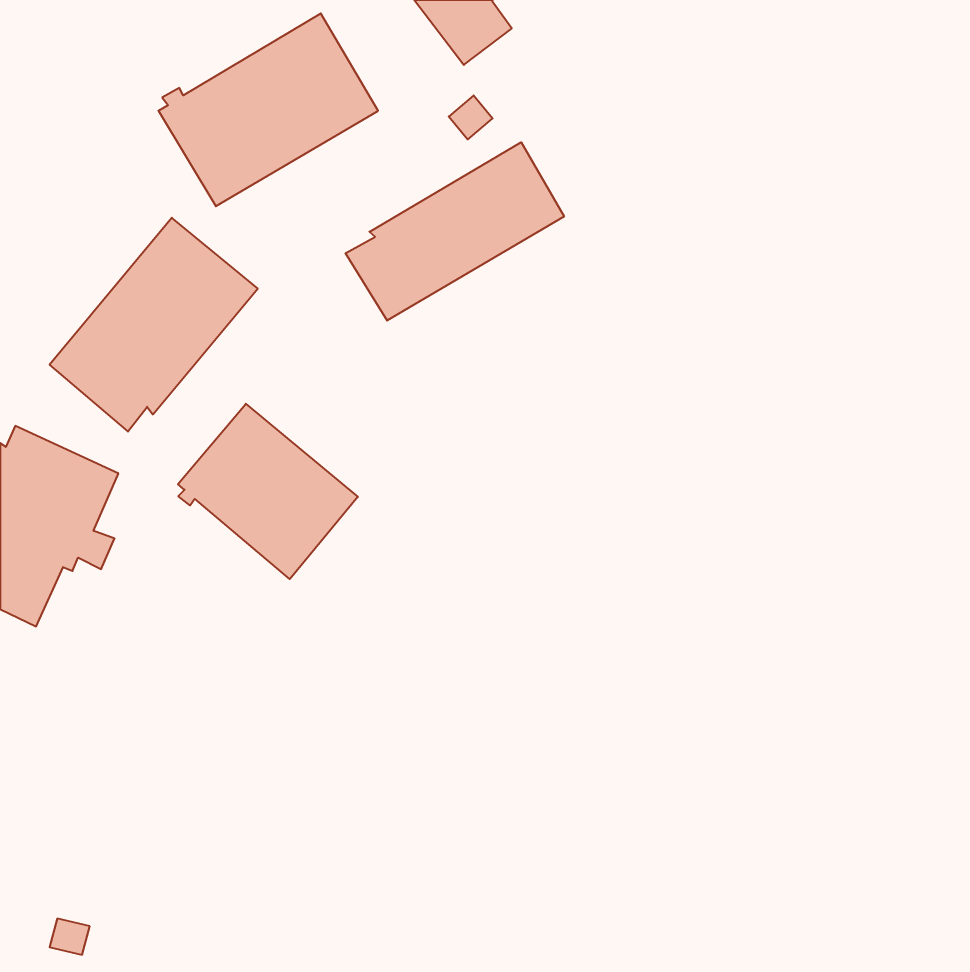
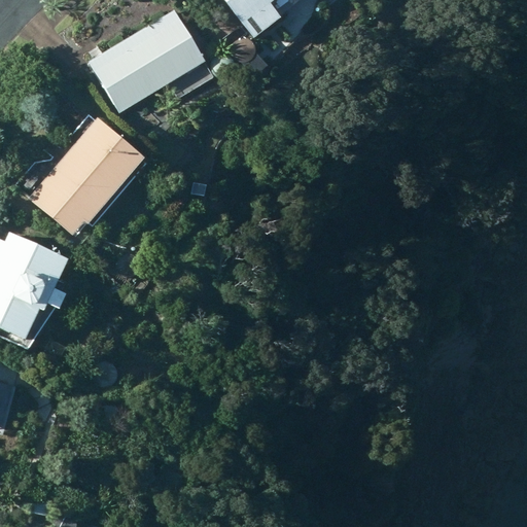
building: [346,142,564,321] -> none
building: [178,404,358,579] -> none

